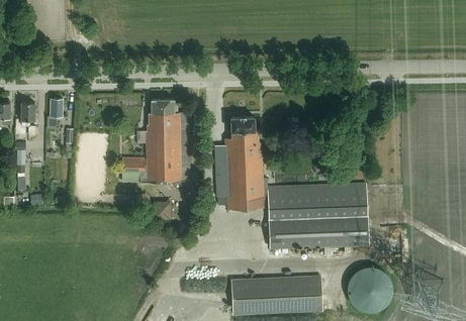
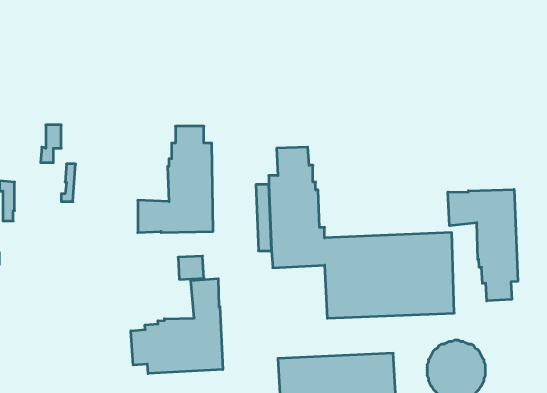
building: [21,102,36,135] -> none
building: none -> [448,189,518,301]
building: none -> [131,279,223,374]

